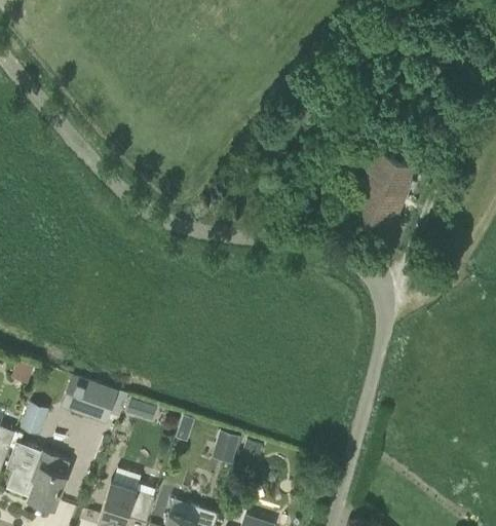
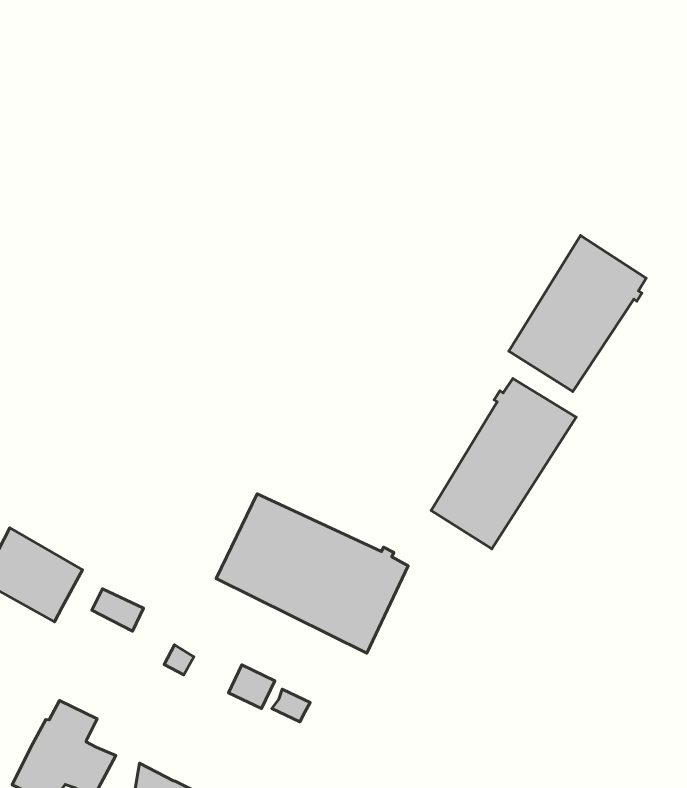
building: none -> [431,379,576,549]
building: none -> [216,494,408,653]

